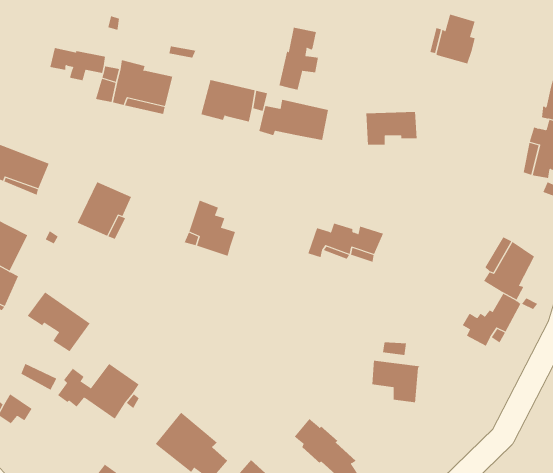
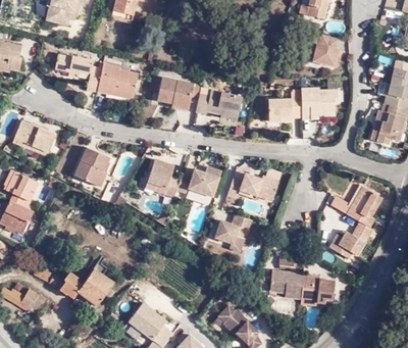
building: [279,27,319,90] -> none
building: none -> [299,89,336,120]
building: none -> [175,168,219,198]
building: none -> [214,215,250,243]
building: [27,291,90,352] -> none
building: none -> [299,271,333,300]

